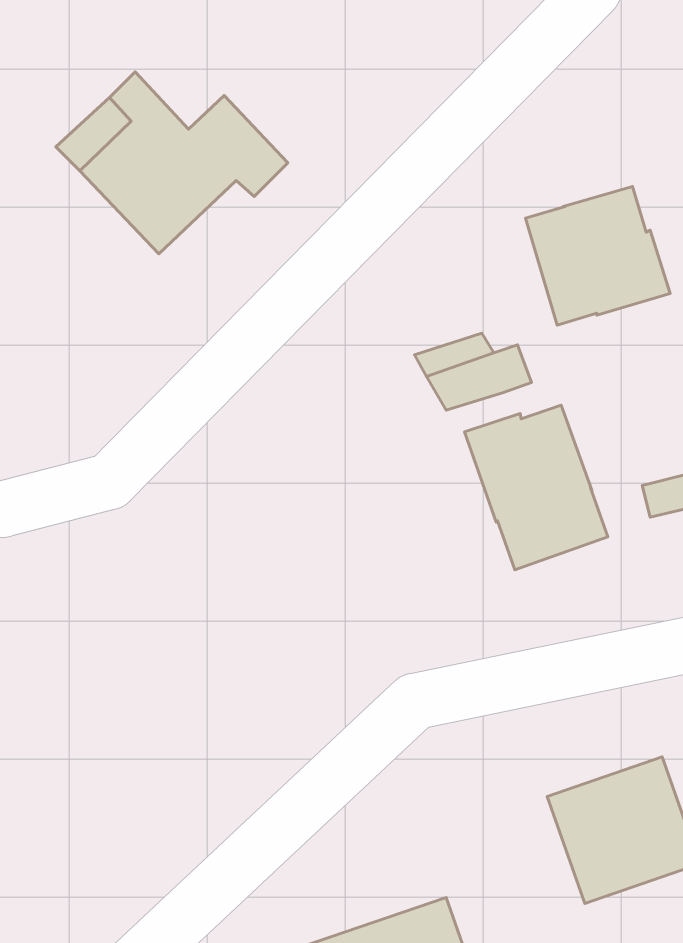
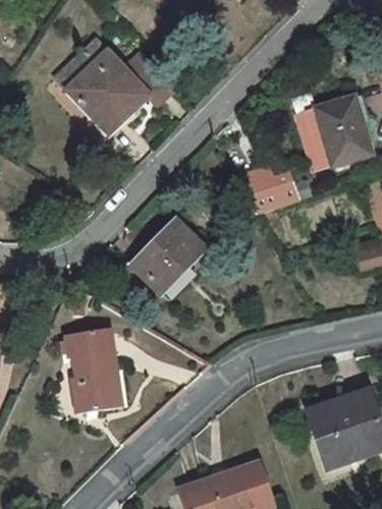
building: [464,405,608,570] -> none
building: none -> [135,220,204,291]
building: none -> [66,328,119,412]

